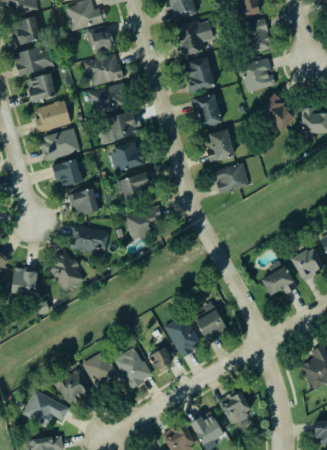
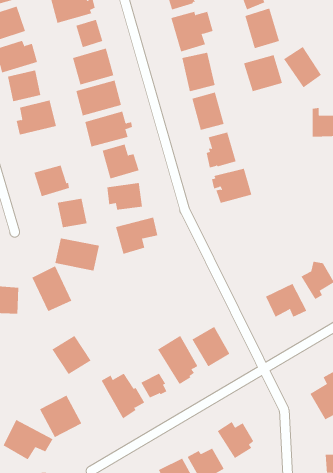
building: [260,94,295,132] -> [283,46,322,88]
building: [40,127,81,162] -> none
building: [82,351,118,387] -> [52,335,91,375]

